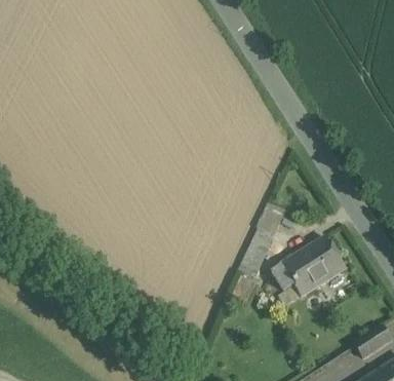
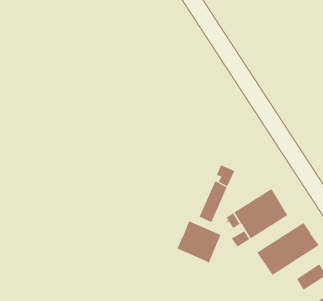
building: none -> [177,221,221,263]
building: none -> [257,222,319,276]

